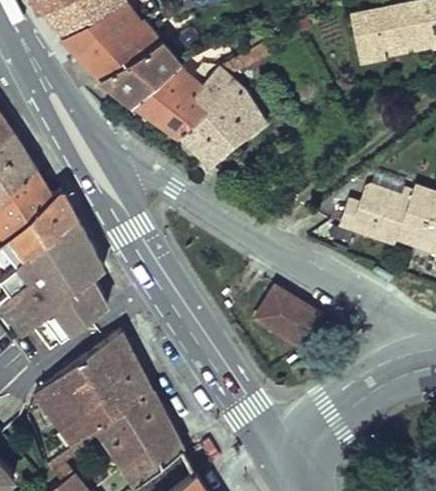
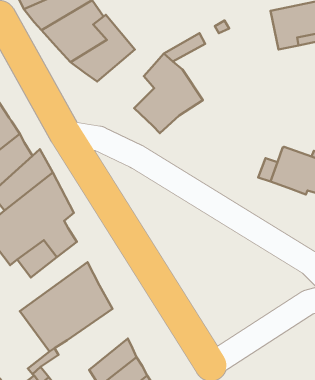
building: [133,47,216,137] -> none
building: [255,288,323,349] -> none
building: [95,389,171,466] -> none

